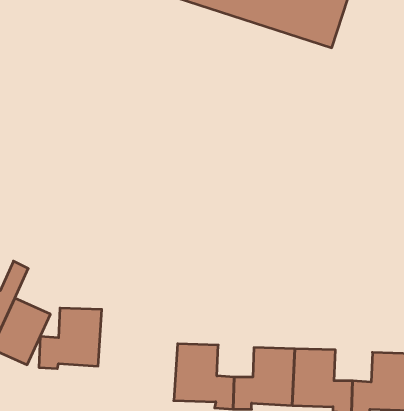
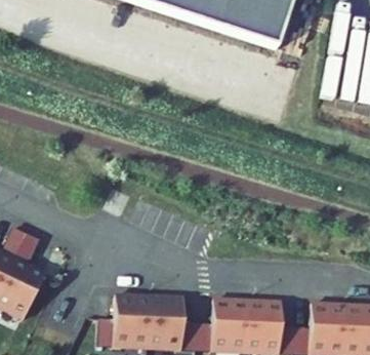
building: [39,308,102,369] -> [98,294,151,345]

